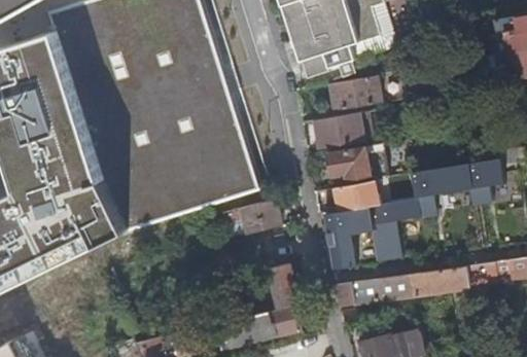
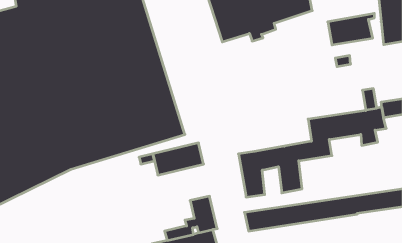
building: [326,73,383,111] -> [328,13,374,45]
building: [320,114,354,146] -> none
building: [326,146,367,179] -> none
building: [332,181,379,211] -> none

